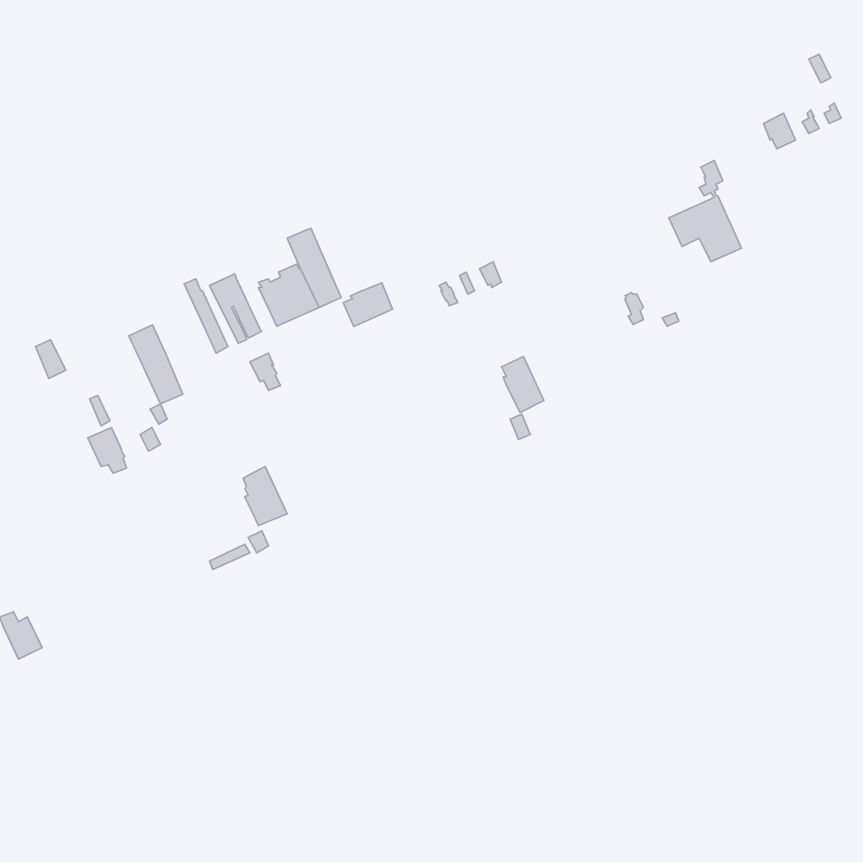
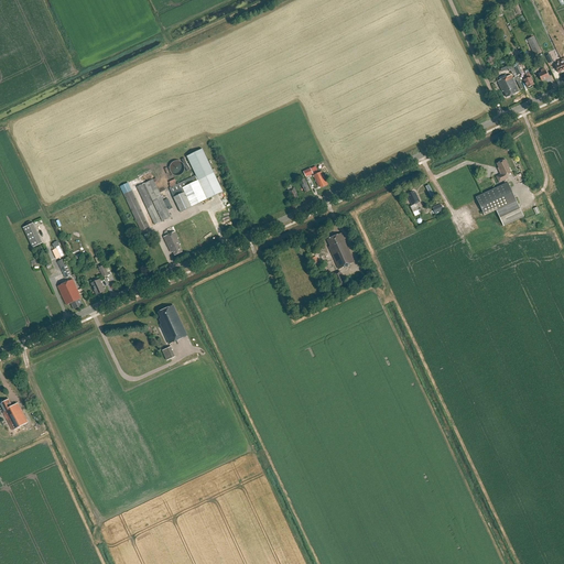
building: [669,160,741,262] -> [476,159,523,225]
building: [343,283,392,326] -> none
building: [129,325,183,404] -> none

